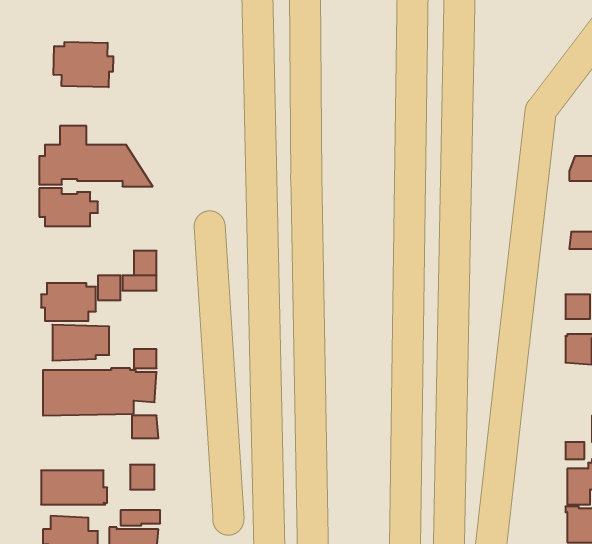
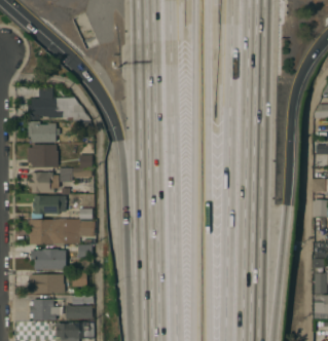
building: [54,42,113,87] -> none
building: none -> [27,145,57,167]
building: none -> [29,249,65,269]

